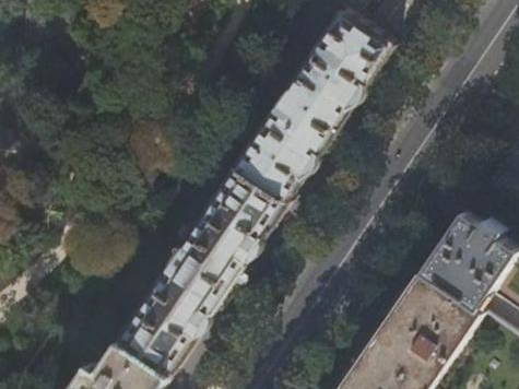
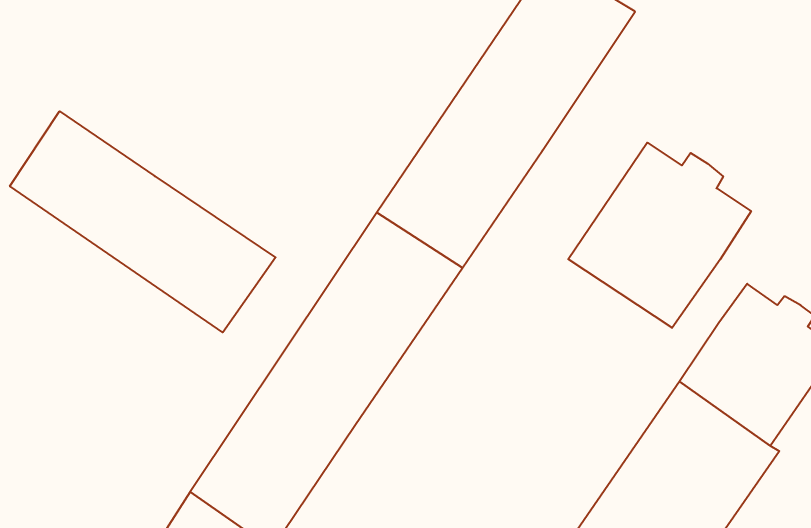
building: none -> [10,111,276,332]
building: none -> [568,143,751,328]

